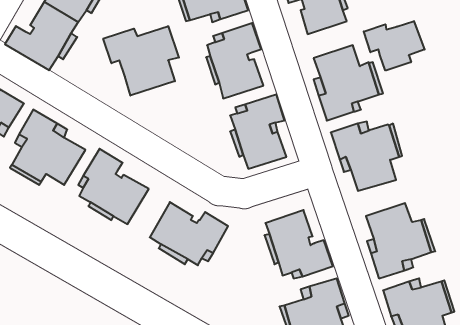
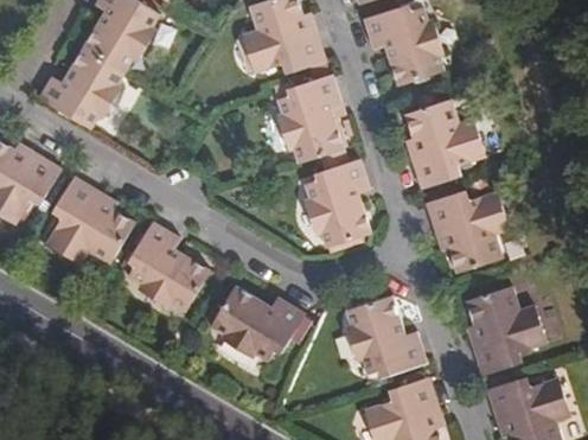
building: [364,21,425,70] -> none
building: [103,26,179,96] -> none

